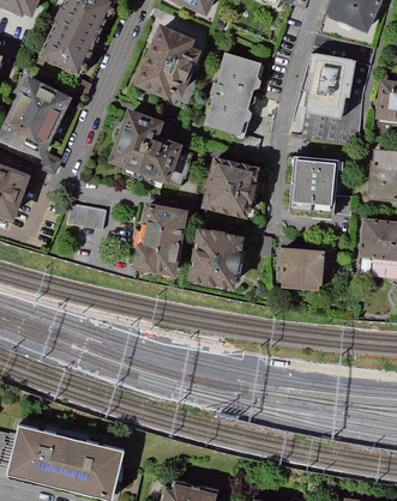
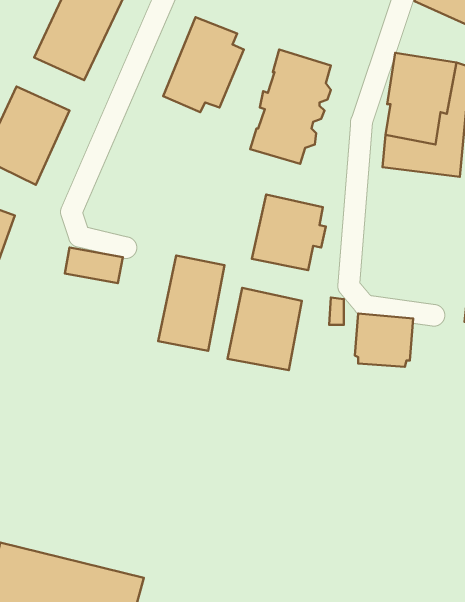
building: [110,113,194,189] -> none
building: [289,155,353,217] -> none

